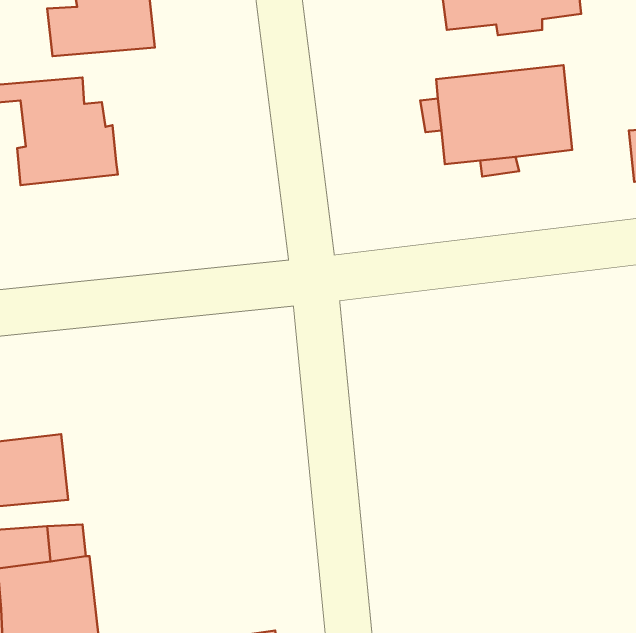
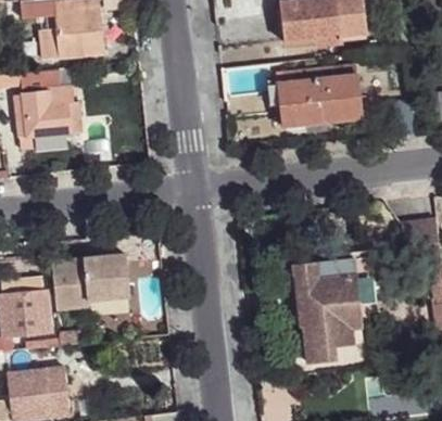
building: none -> [293,250,377,362]
building: none -> [52,254,130,309]

